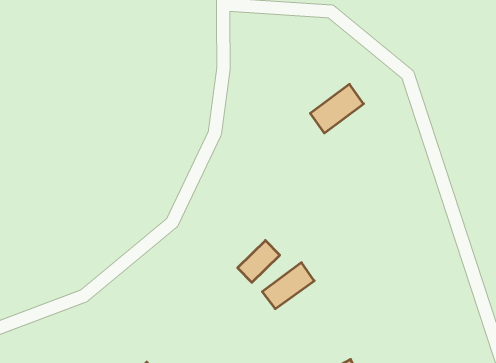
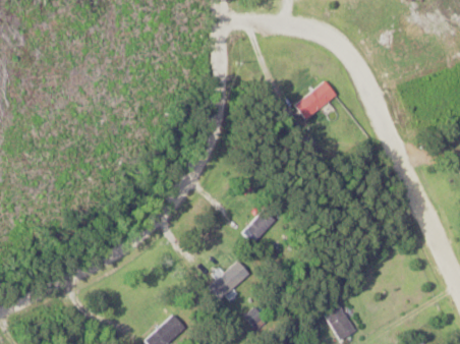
building: [262,263,314,309] -> [209,261,250,299]

